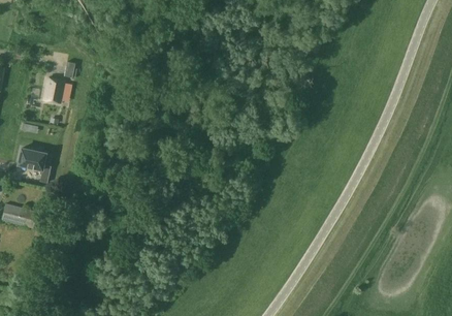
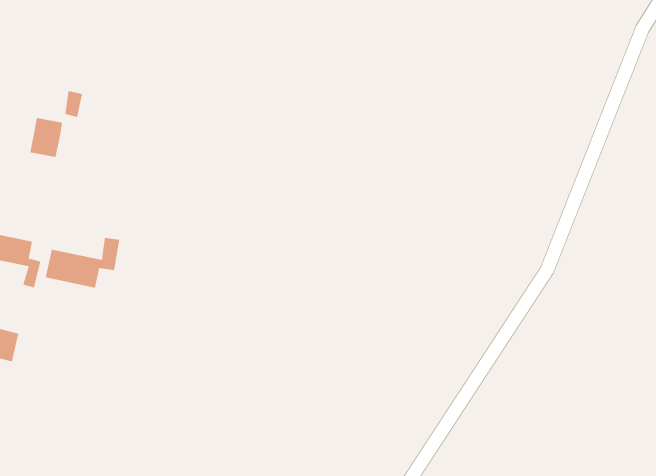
building: none -> [45,237,120,288]

